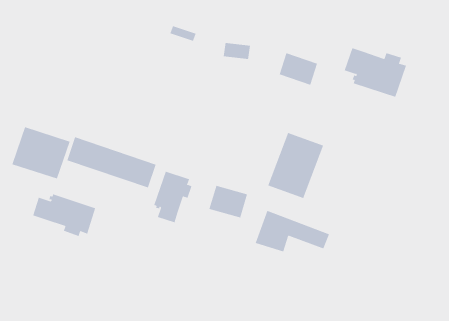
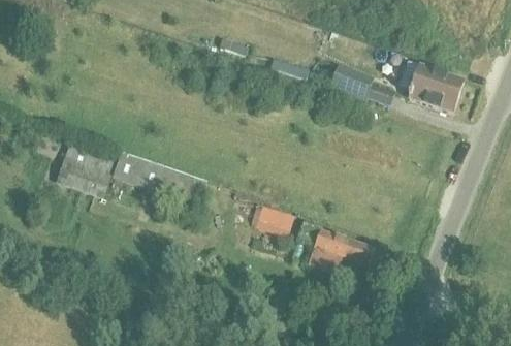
building: [268,132,324,199] -> none
building: [154,171,192,223] -> none
building: [32,193,96,237] -> none

